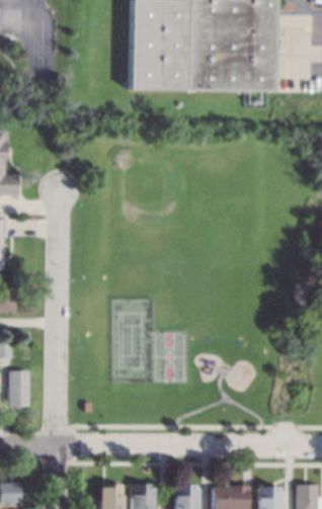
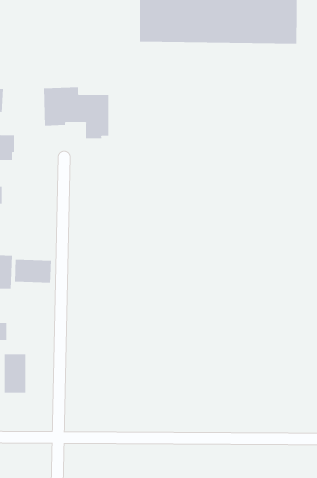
building: none -> [43,87,109,139]
building: none -> [14,259,51,283]

